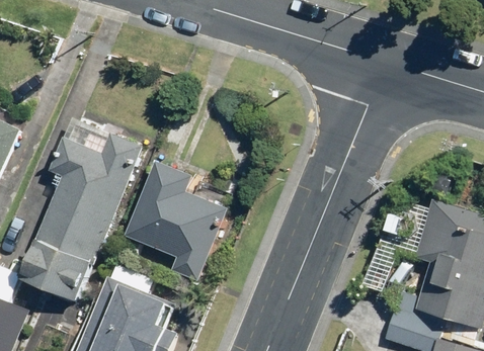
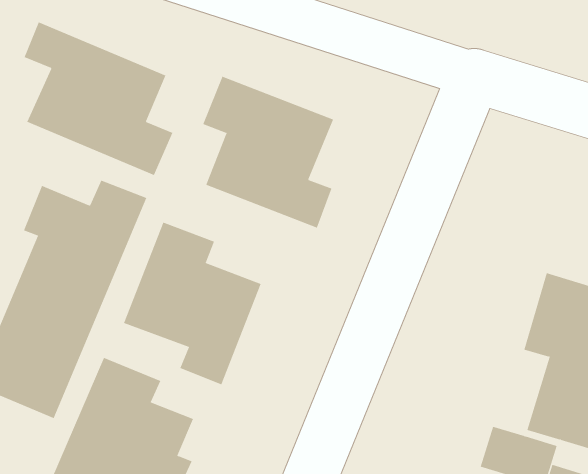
building: none -> [24,22,173,176]
building: none -> [202,76,334,228]

